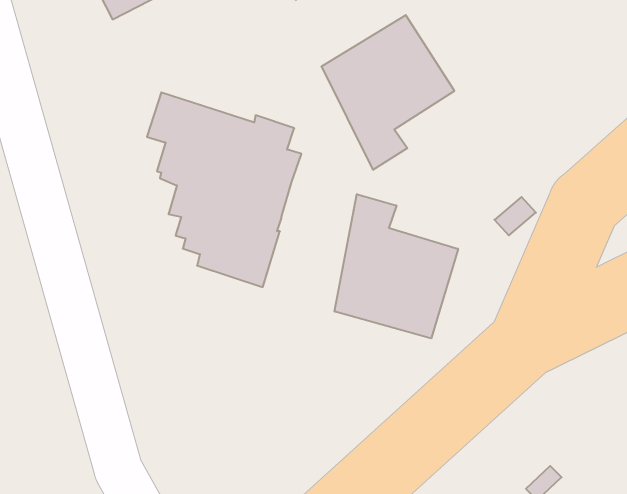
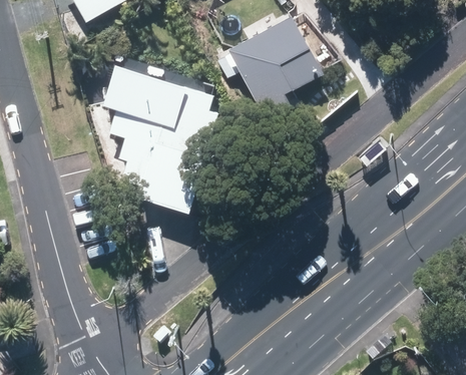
building: [335,194,458,338] -> none

